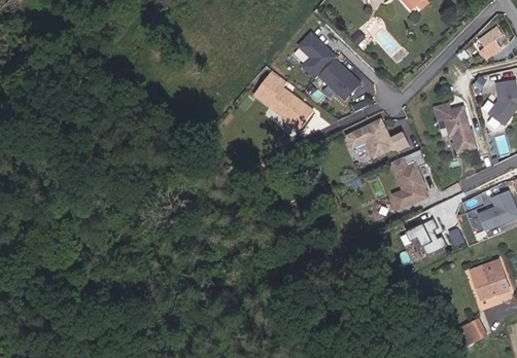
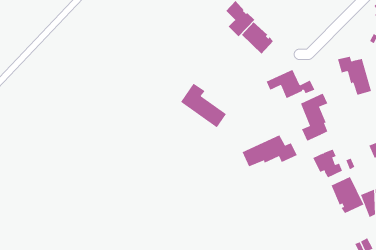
building: [251,70,310,127] -> [180,83,227,128]
building: none -> [242,134,298,167]
building: none -> [331,176,364,214]

